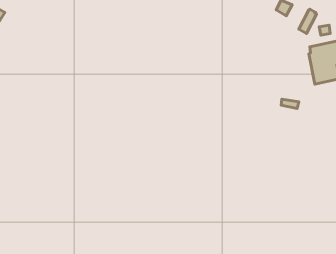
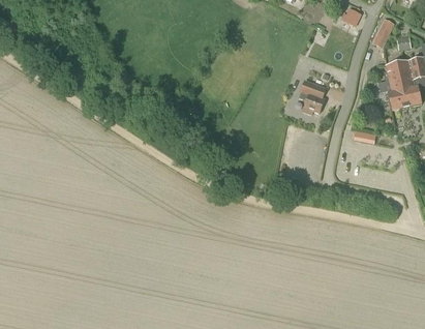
building: none -> [300,80,327,113]

